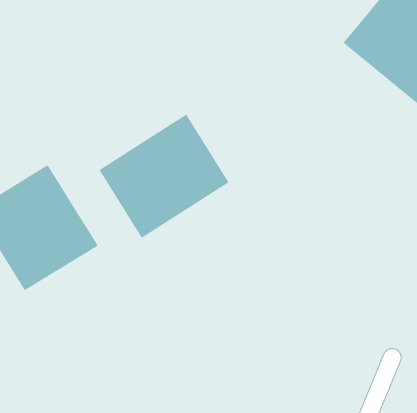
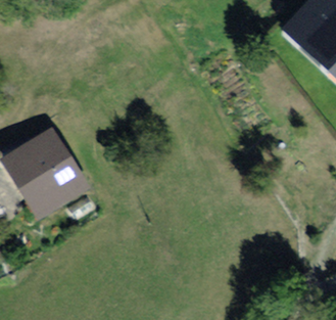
building: [98,113,230,239] -> none

